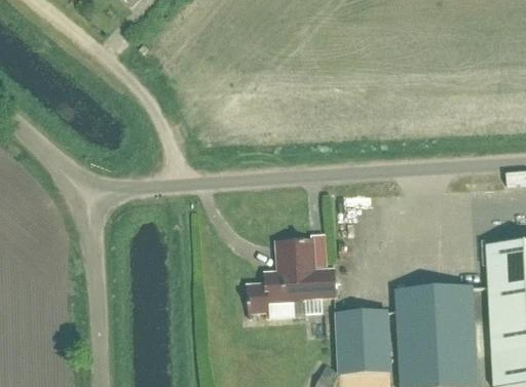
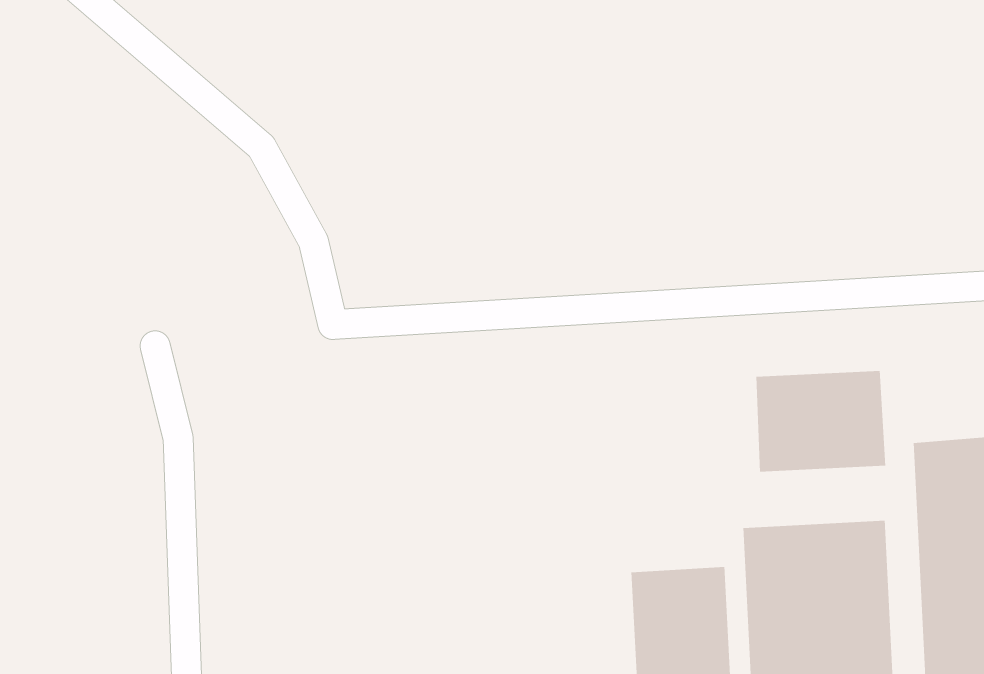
building: none -> [756,370,886,473]
building: [248,238,335,313] -> none

